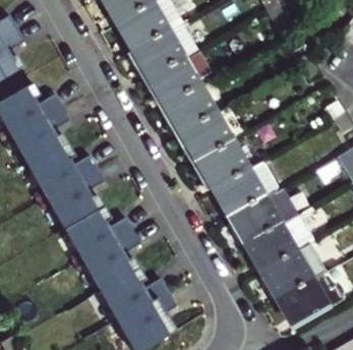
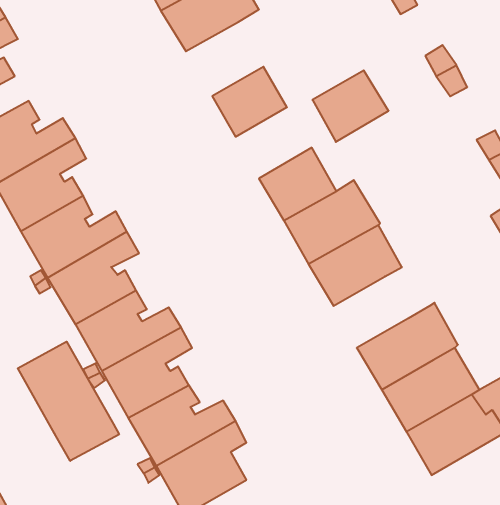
building: [132,28,183,77] -> none
building: [165,84,215,131] -> [312,70,389,142]
building: [229,188,292,242] -> none
building: none -> [18,342,119,461]

